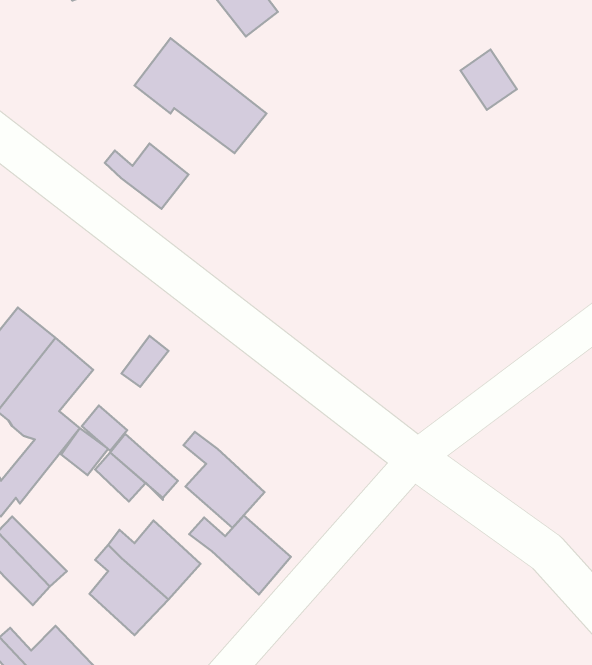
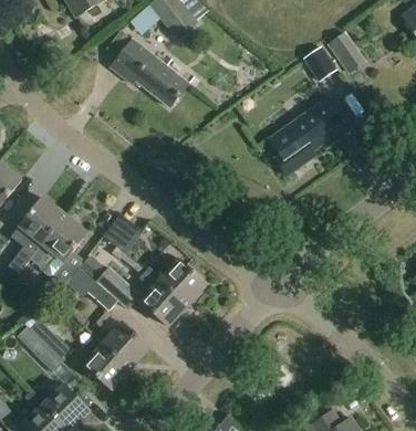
building: none -> [327,30,365,71]
building: none -> [268,98,347,176]
building: [105,144,188,209] -> none
building: [189,515,291,595] -> [146,259,206,305]

